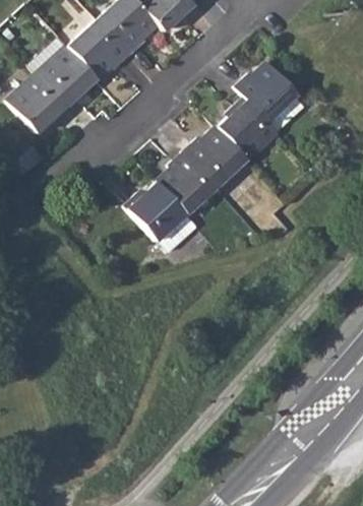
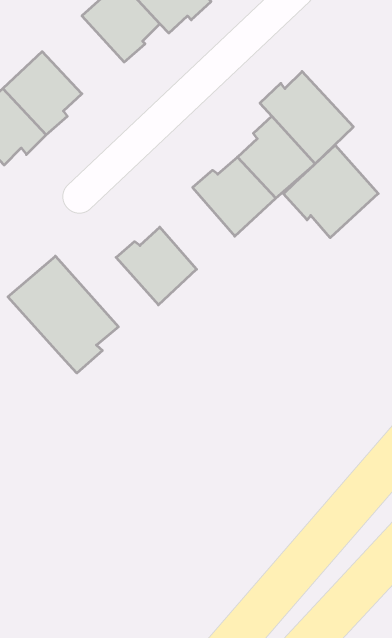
building: [67,17,130,77] -> none
building: none -> [283,145,378,238]
building: [158,149,216,212] -> none
building: none -> [8,256,118,373]

